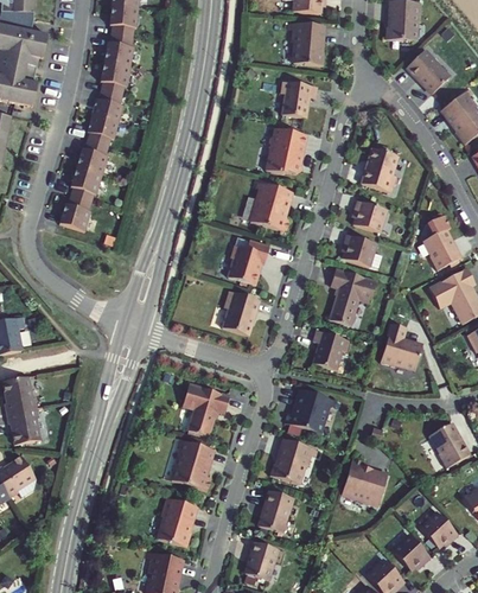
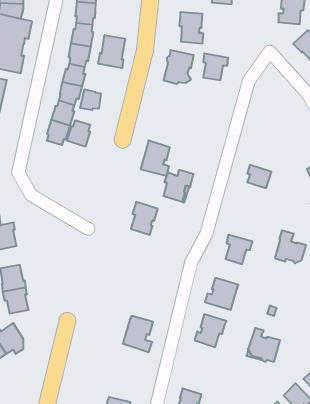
building: [291,23,324,65] -> [179,12,203,43]
building: none -> [98,35,125,68]
building: [265,128,306,174] -> [163,50,194,84]
building: none -> [80,89,101,110]
building: [361,147,397,192] -> none
building: [250,183,291,231] -> [141,140,170,176]
building: [56,200,88,236] -> [67,121,90,146]
building: [352,200,385,232] -> none
building: [329,268,376,325] -> none
building: [222,291,259,336] -> [131,202,158,235]
building: [181,383,229,436] -> none
building: [257,490,293,534] -> none
building: [159,498,198,548] -> none

